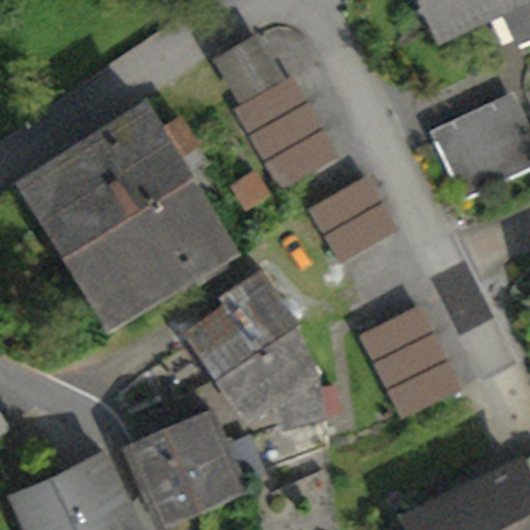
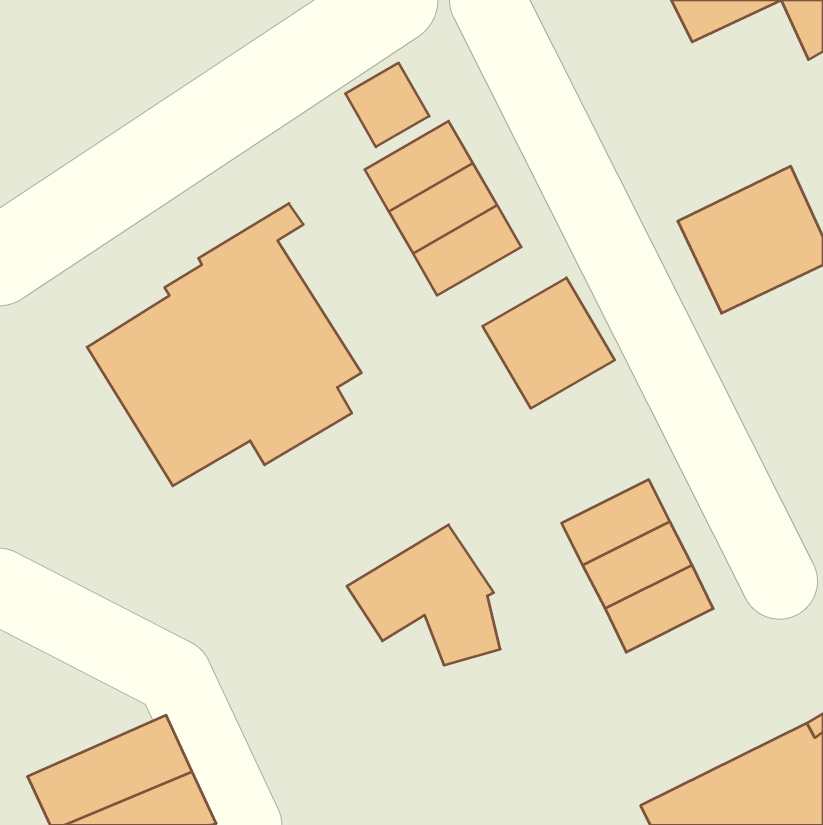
building: [31,108,185,223] -> none
building: [192,277,298,377] -> none
building: [130,412,259,520] -> none

